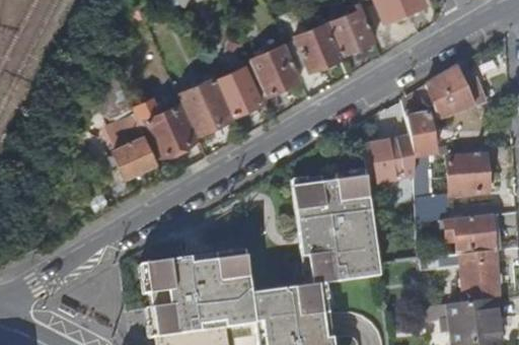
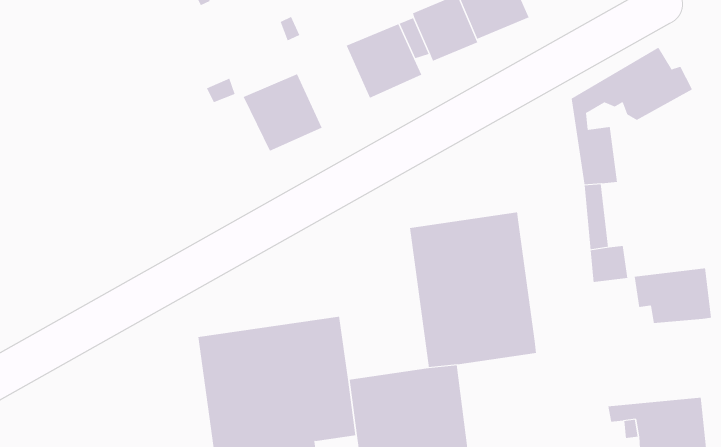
building: [216,67,262,118] -> none
building: [145,106,196,157] -> none
building: [114,114,157,178] -> none
building: [363,140,401,183] -> none
building: [450,154,490,194] -> none
building: [422,250,500,304] -> none

